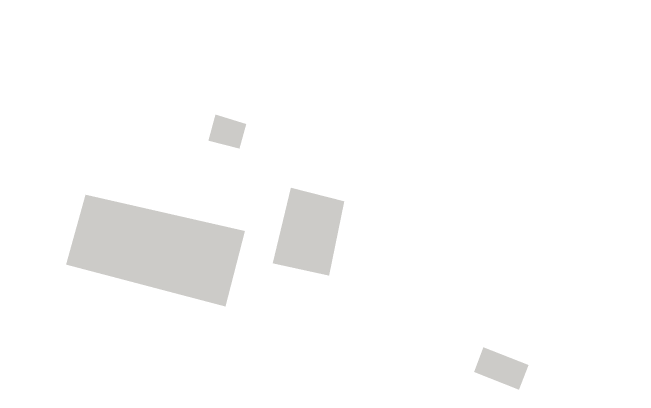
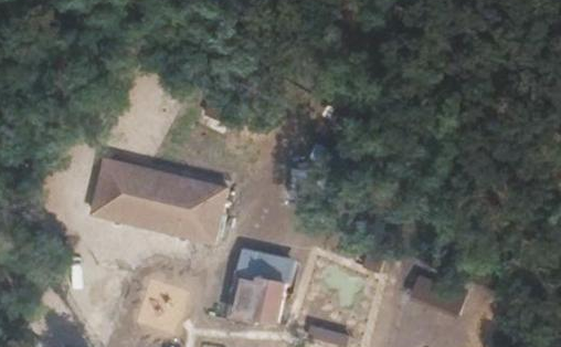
building: [272,187,345,276] -> [230,250,287,319]

